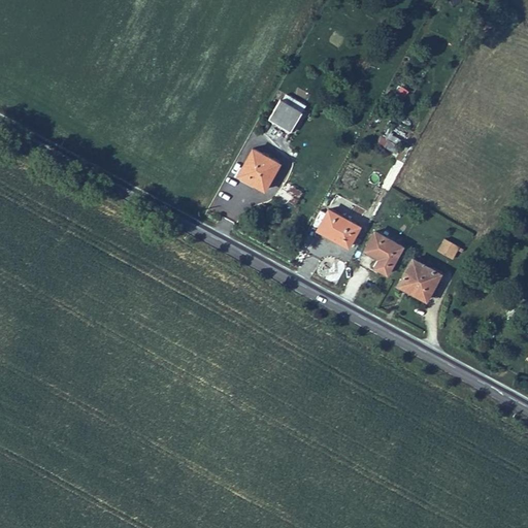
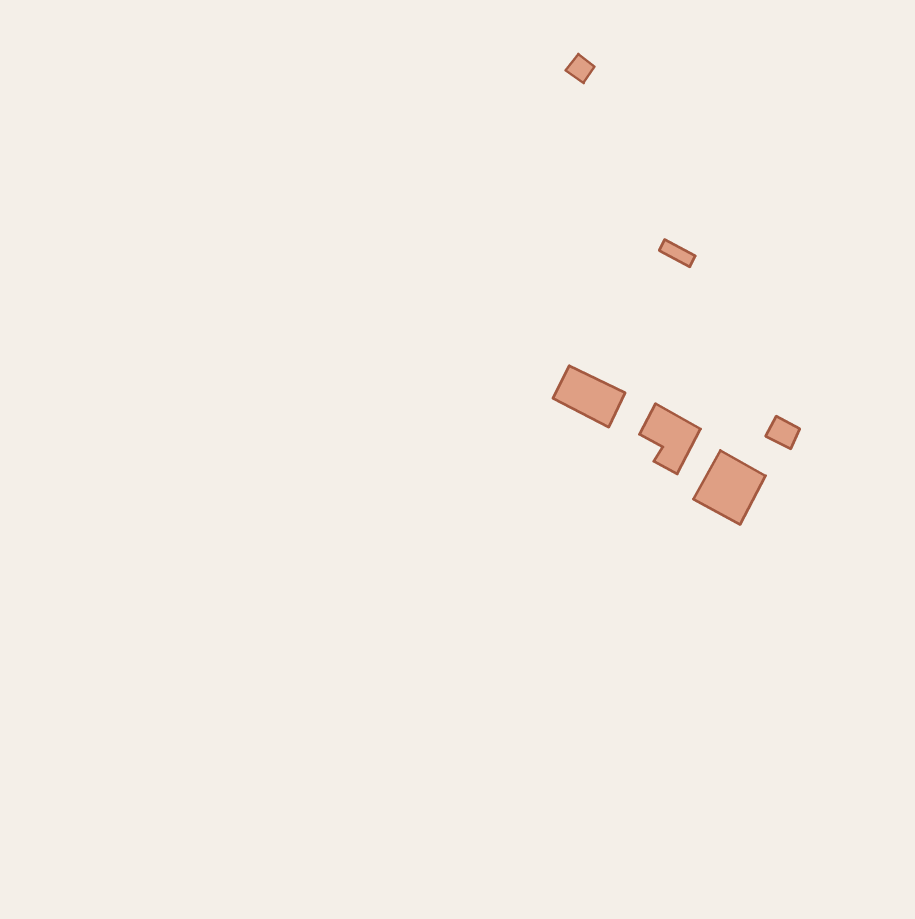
building: [269,102,302,135] -> none
building: [240,148,280,190] -> none

